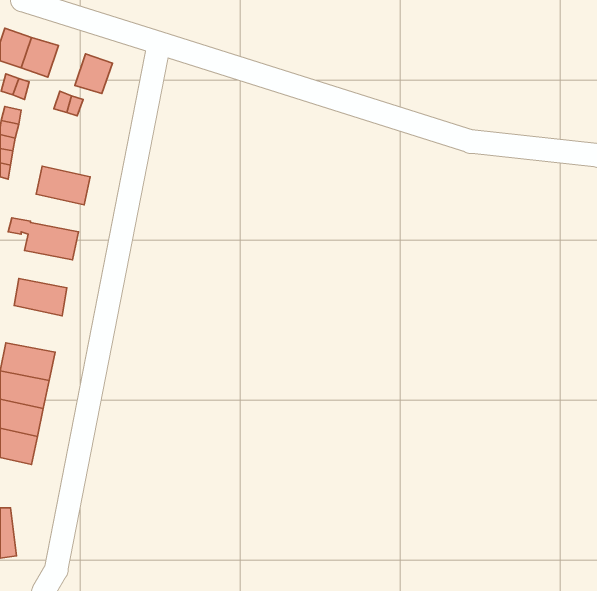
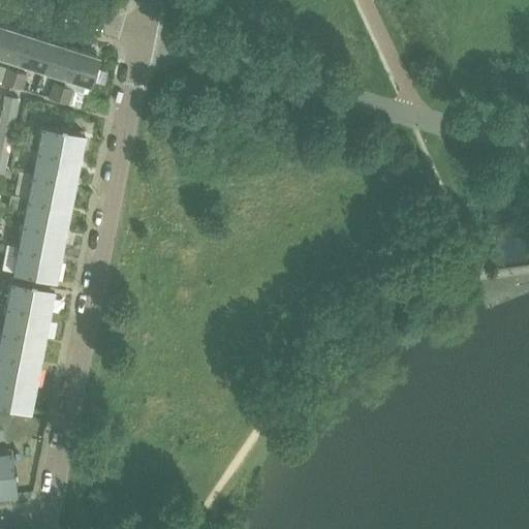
building: none -> [43,46,76,82]
building: none -> [38,129,86,162]
building: none -> [28,178,75,211]
building: none -> [18,227,65,260]
building: none -> [6,284,54,317]

